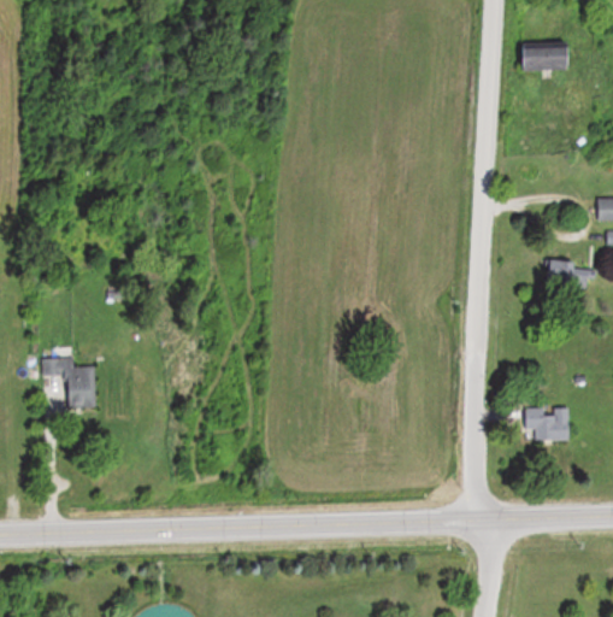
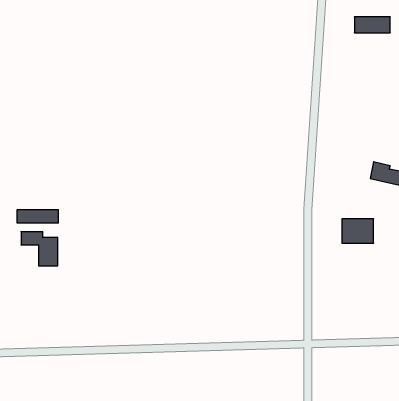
building: none -> [17,210,58,223]
building: [524,407,570,442] -> [342,219,374,243]

